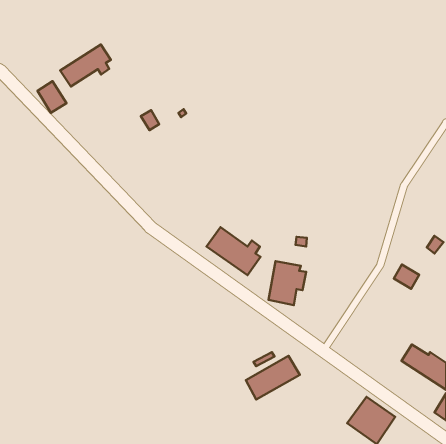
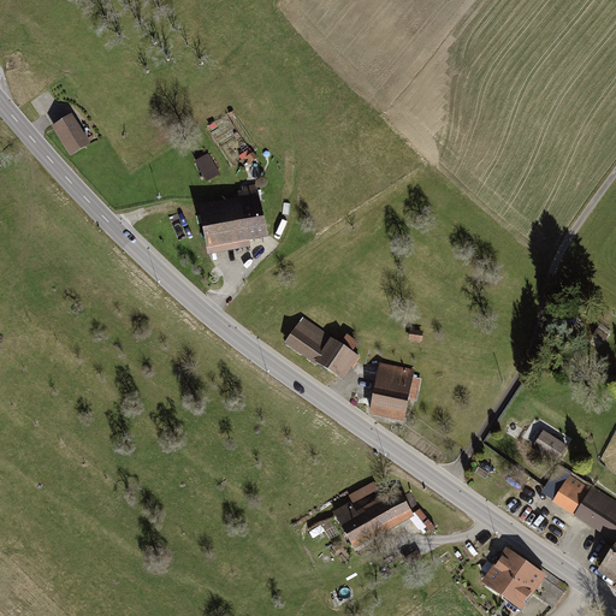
building: [60,44,111,87] -> none
building: none -> [196,184,266,254]
building: [394,264,419,289] -> [531,428,565,462]

